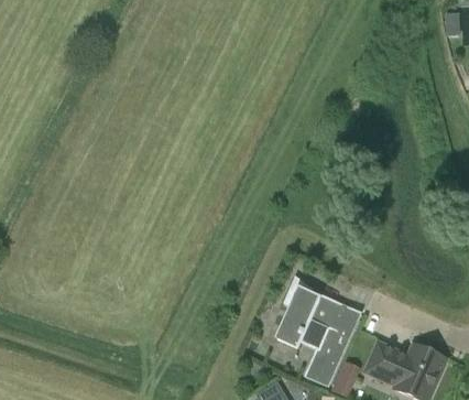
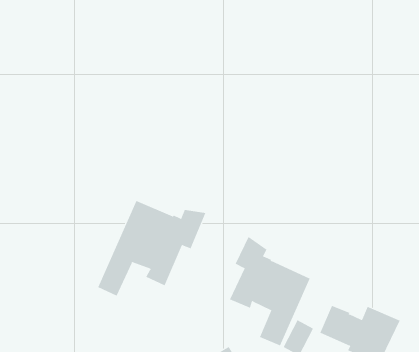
building: none -> [98,200,206,296]

